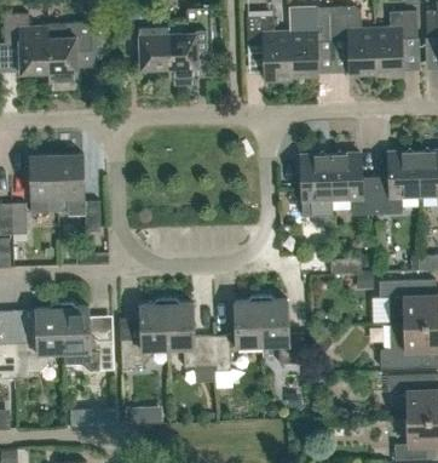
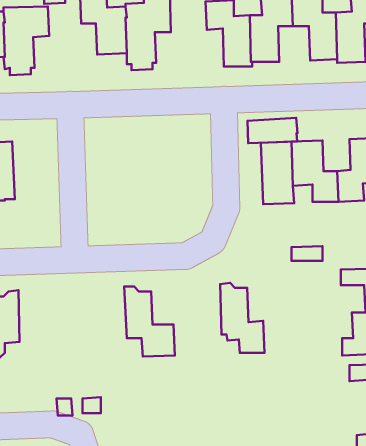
building: none -> [247,118,297,143]
building: [56,154,100,232] -> none
building: [214,296,261,371] -> none
building: [120,298,168,370] -> none
building: [62,302,114,371] -> none

